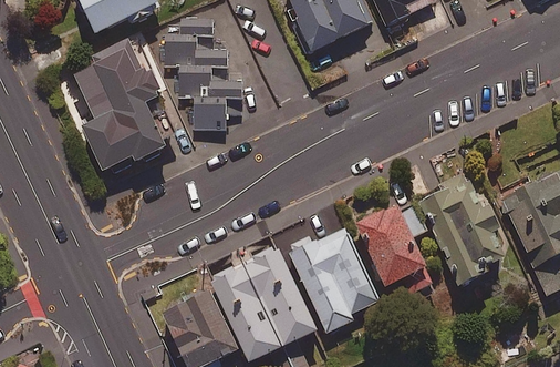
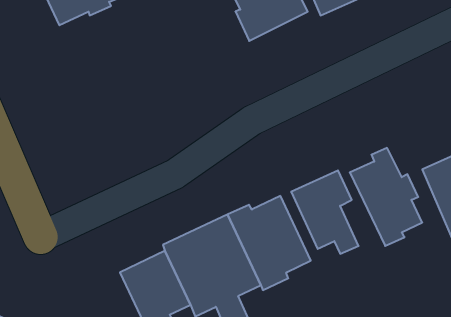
building: [164,19,241,129] -> none
building: [73,38,177,171] -> none

